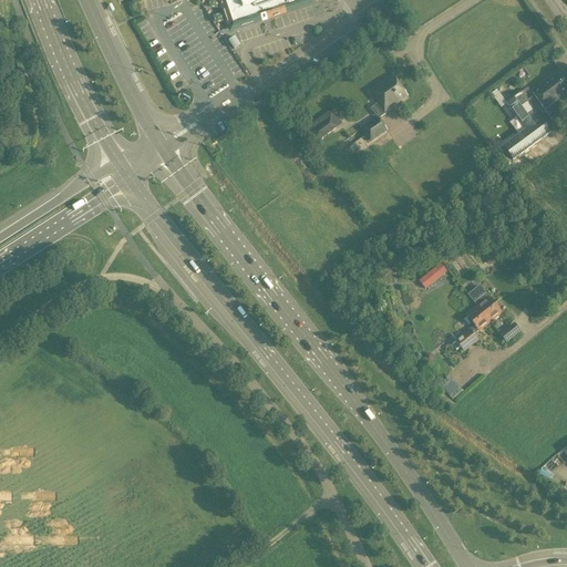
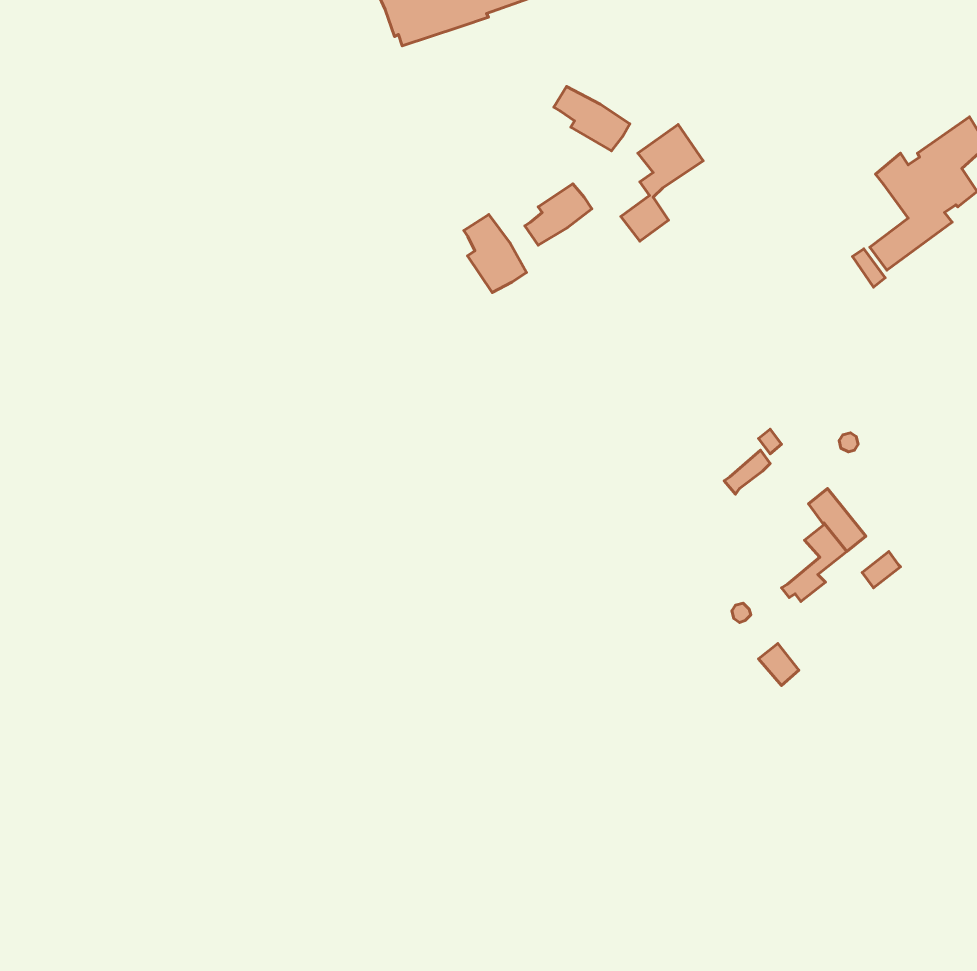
building: none -> [554,86,630,151]
building: none -> [464,214,527,293]

